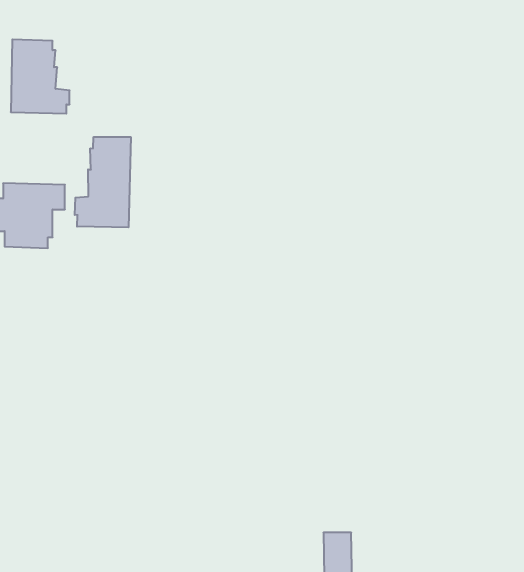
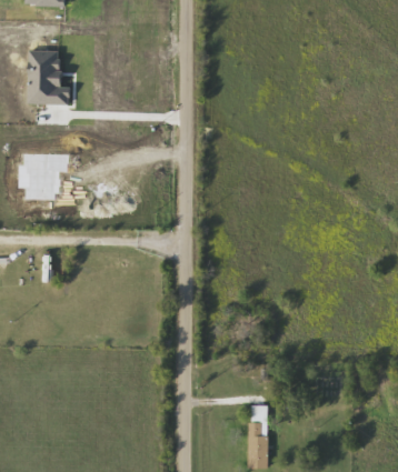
building: [75,137,131,227] -> none

